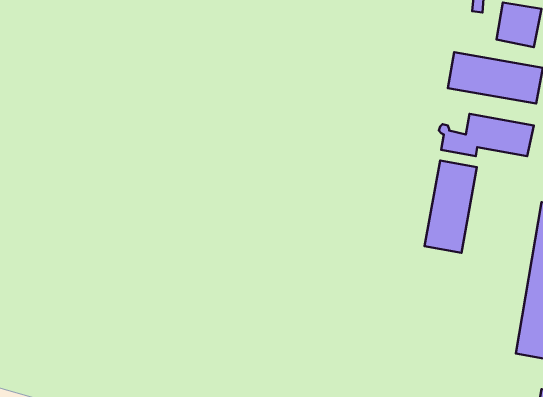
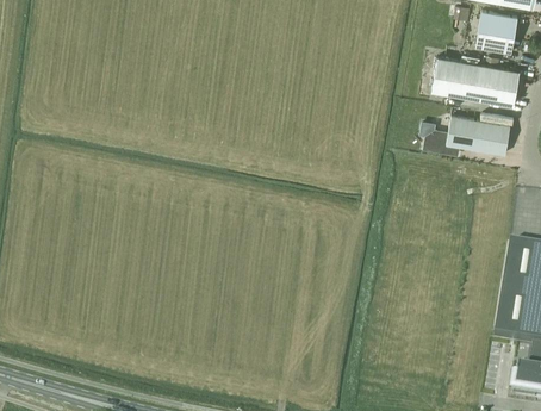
building: [425,161,477,253] -> none

